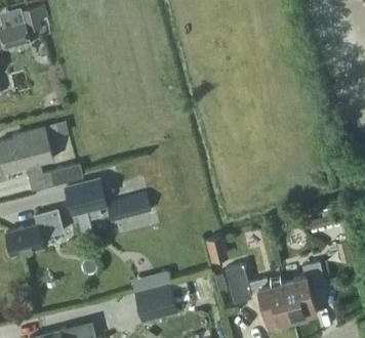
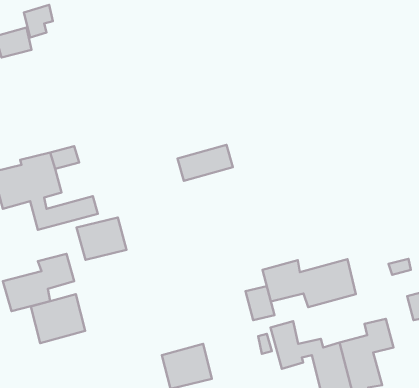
building: [107,193,152,222] -> [178,145,233,181]
building: none -> [263,259,356,307]
building: none -> [31,294,85,343]

